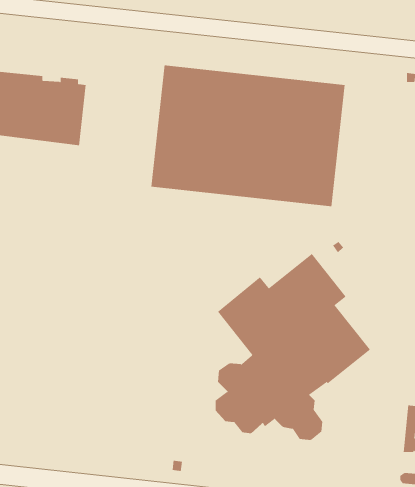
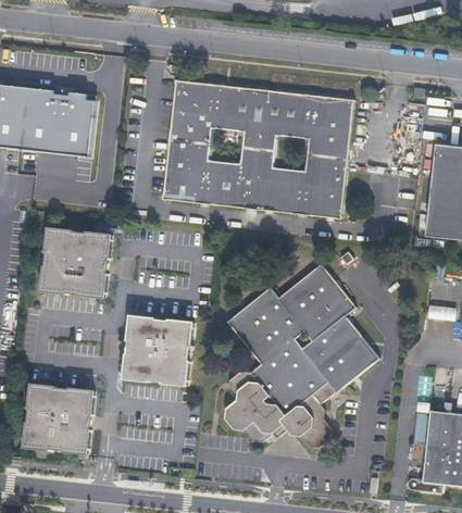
building: none -> [39,227,111,299]
building: none -> [123,315,193,386]
building: none -> [23,384,95,454]

